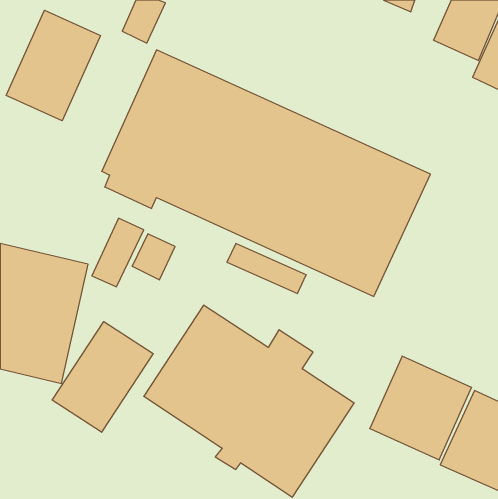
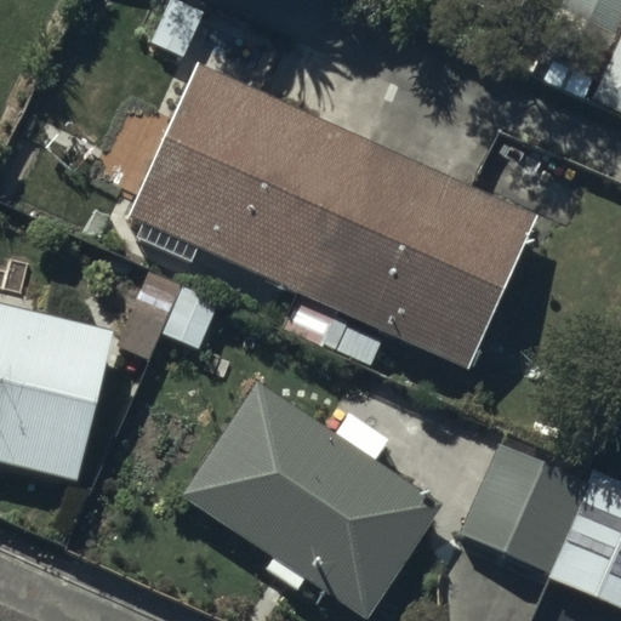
building: [6,10,100,121] -> none
building: [52,322,153,432] -> none

